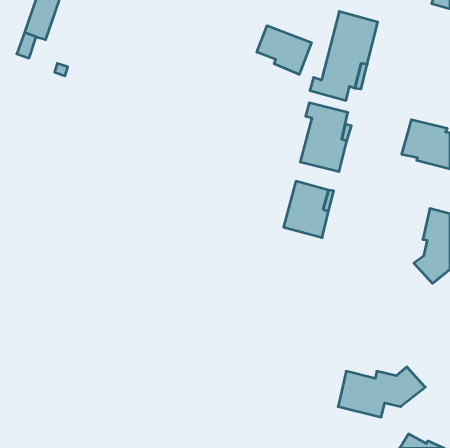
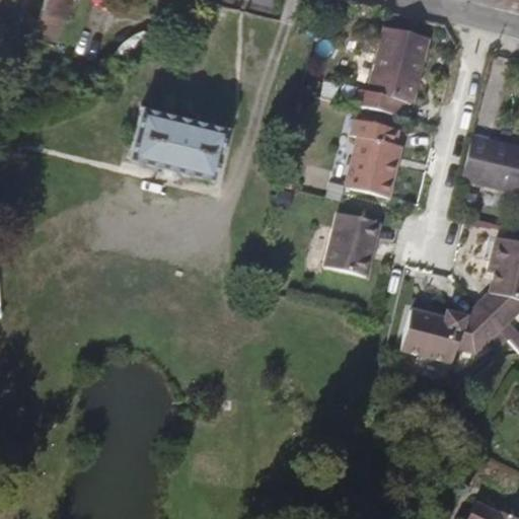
building: [257,26,311,74] -> none
building: none -> [124,105,222,179]
building: [338,367,425,417] -> [397,303,498,361]

